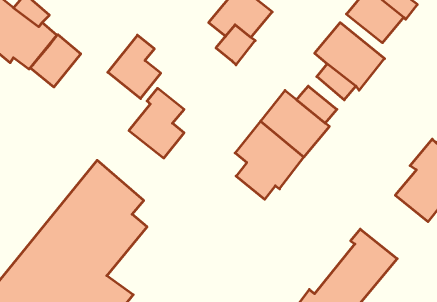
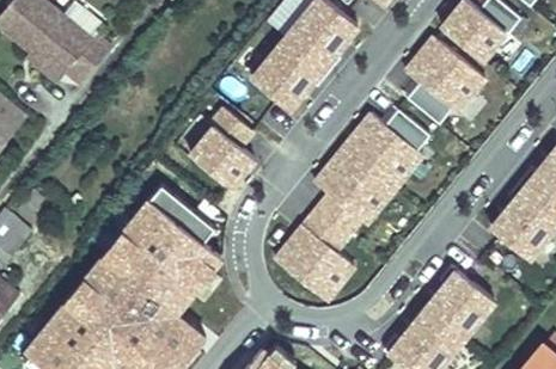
building: [30,35,81,87] -> none
building: [108,35,161,99] -> [250,36,310,107]
building: none -> [274,209,352,299]

